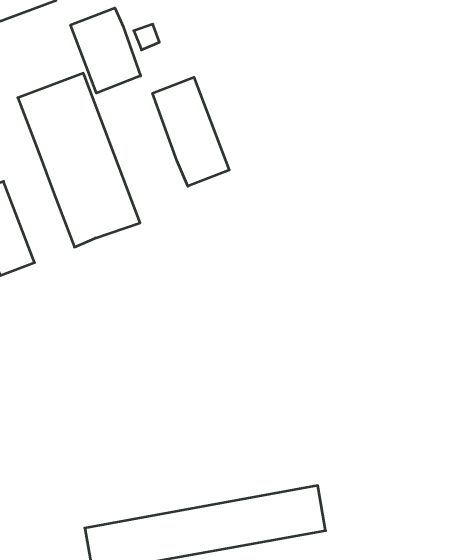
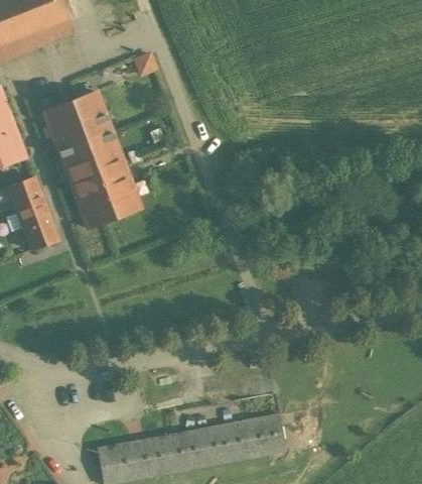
building: [71,8,141,93] -> none
building: [153,77,229,186] -> none

